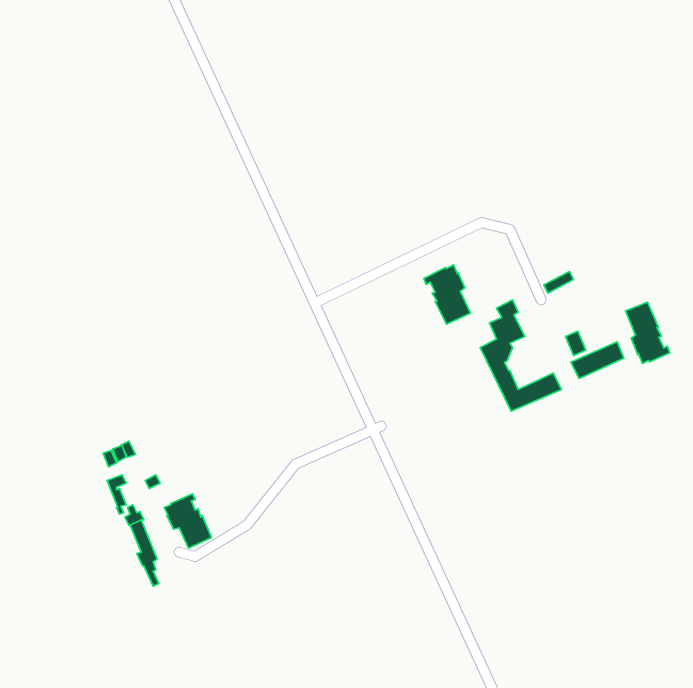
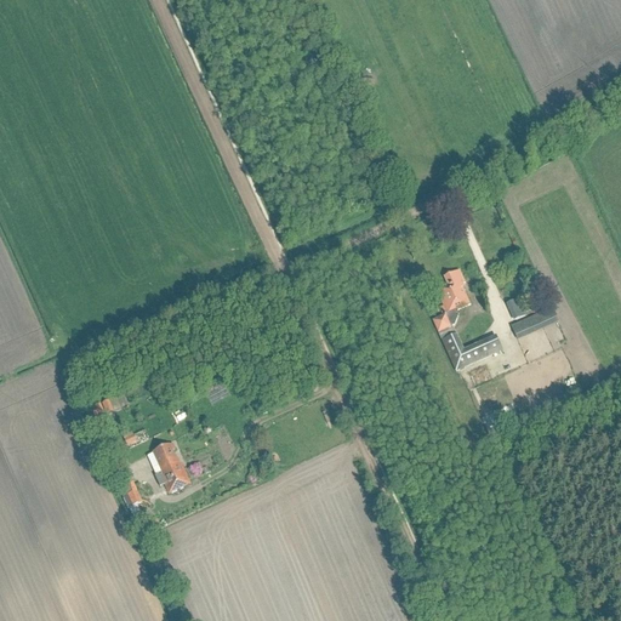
building: [424,265,470,324] -> none
building: [625,302,670,364] -> none

